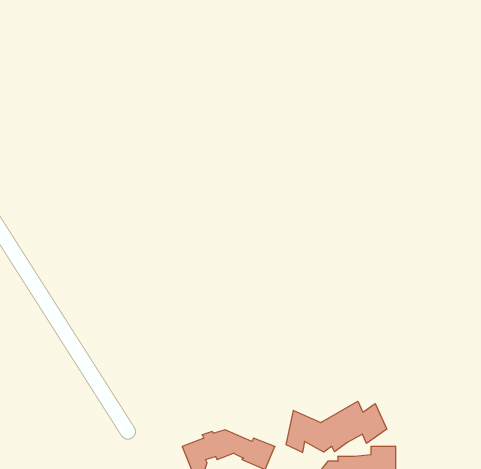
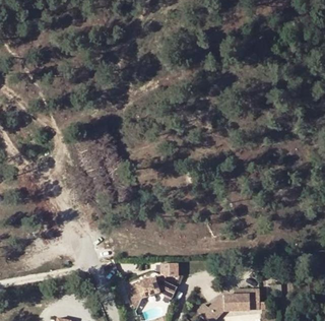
building: [286,401,387,453] -> none

